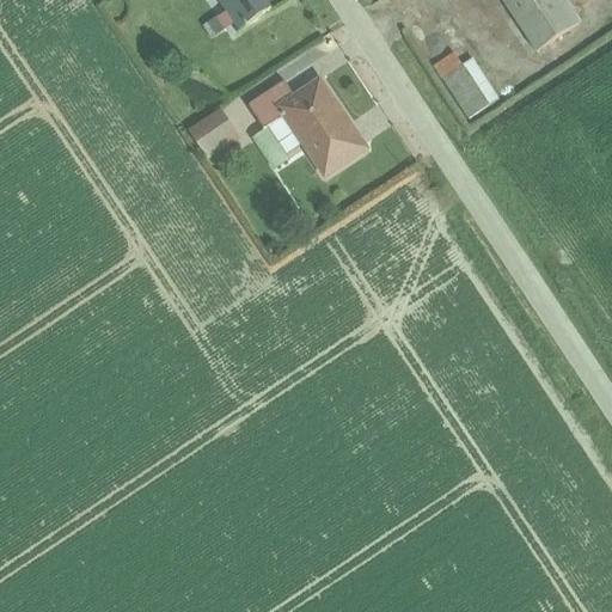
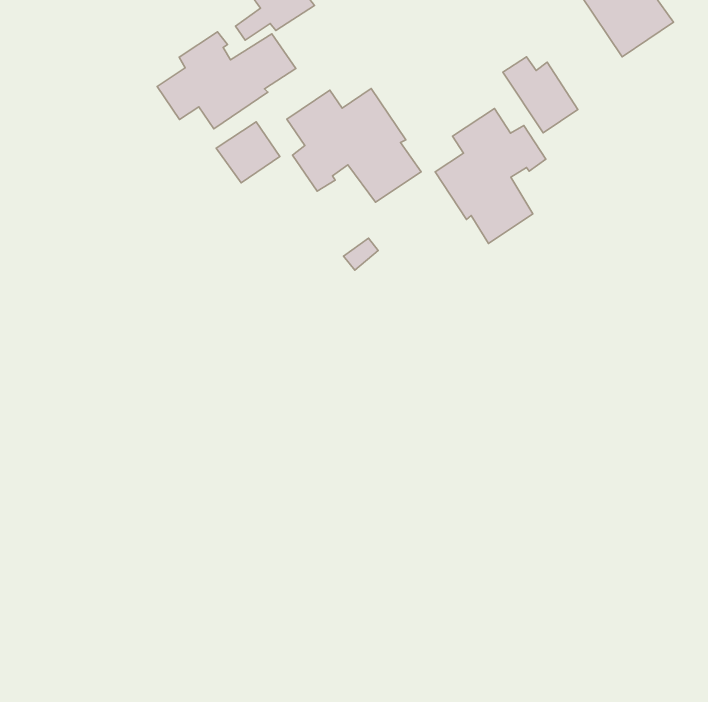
building: none -> [157,32,296,129]
building: none -> [435,109,546,243]

